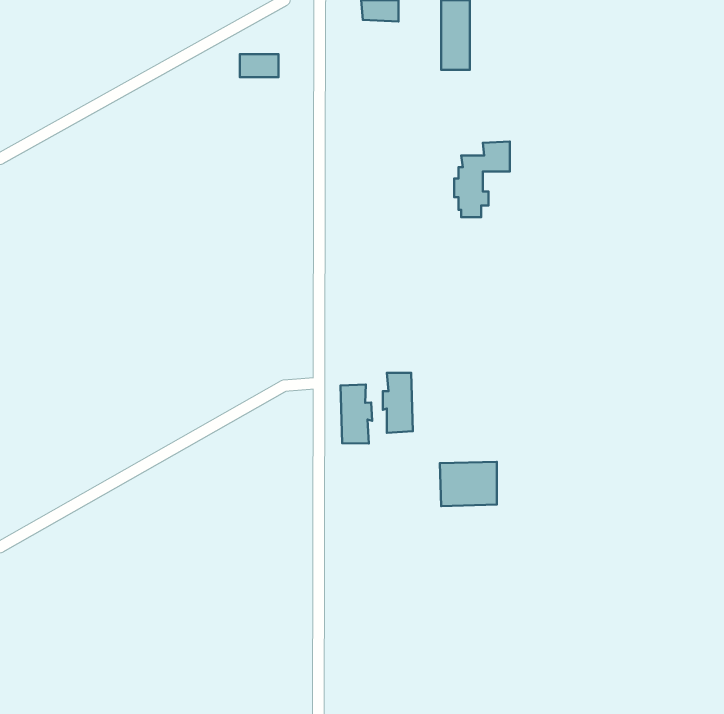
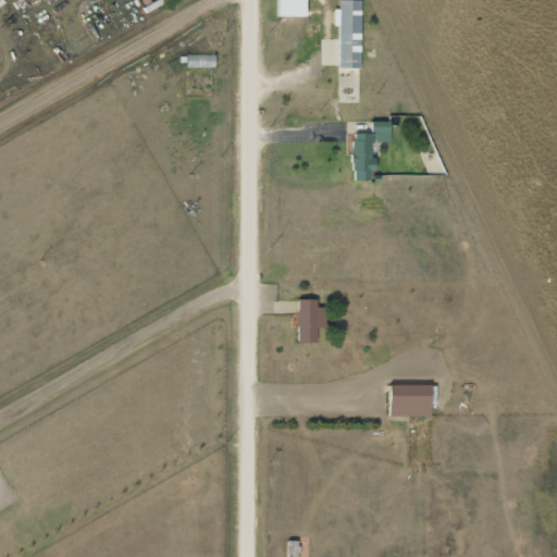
building: [341,384,372,443] -> none
building: [440,462,497,506] -> [389,382,433,416]

